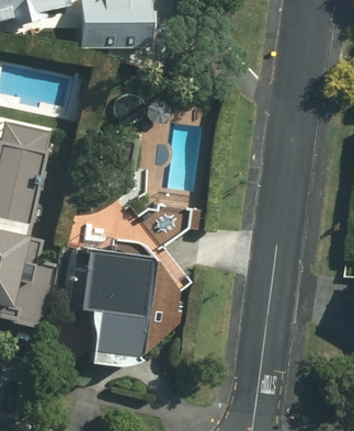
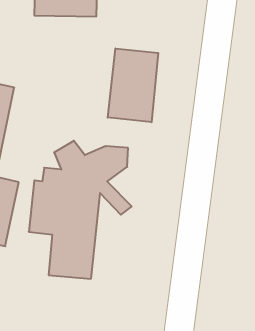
building: none -> [108,48,158,122]

